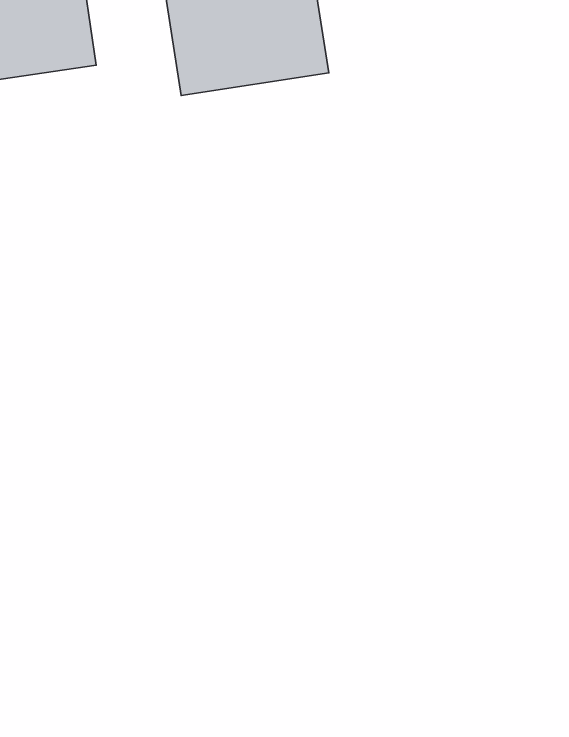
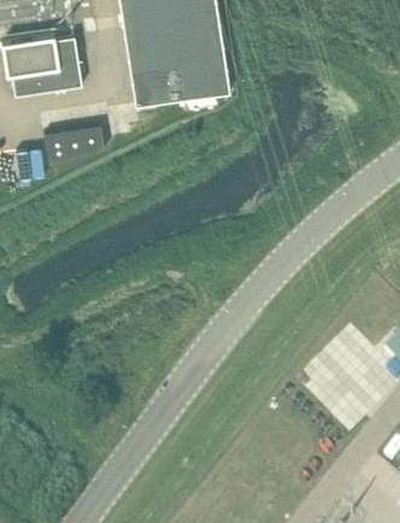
building: none -> [45,127,105,168]

